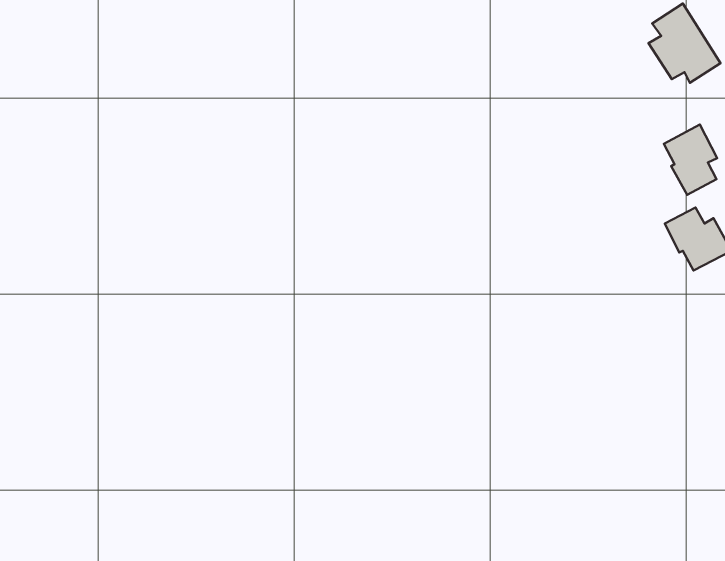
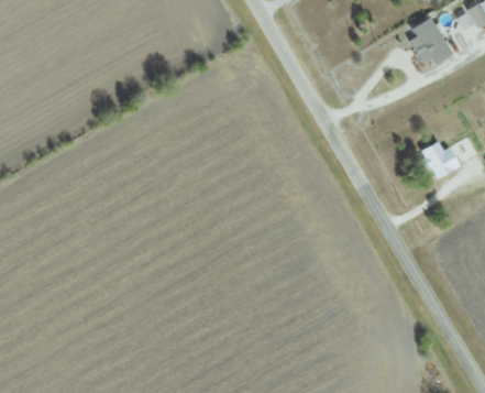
building: [664,124,717,195] -> none

